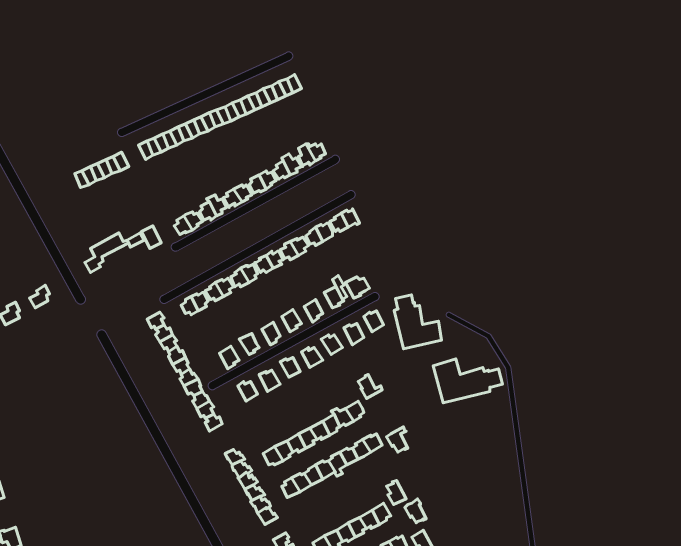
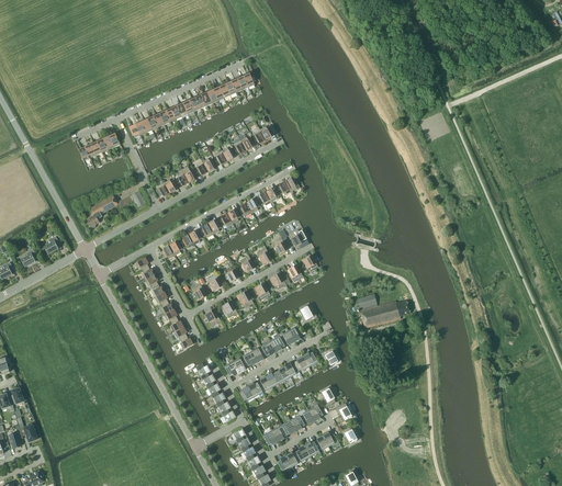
building: [394,295,442,349] -> none

